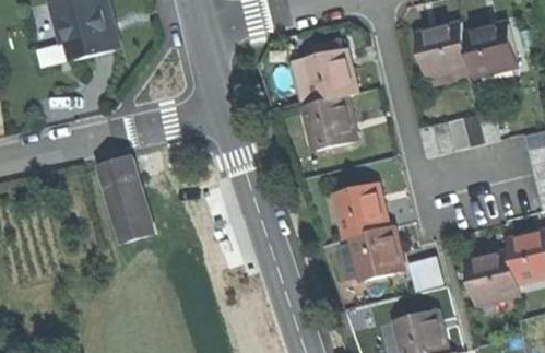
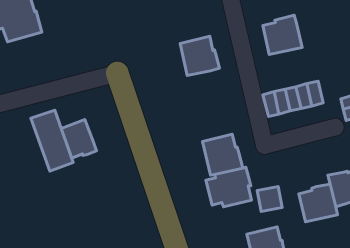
building: [459,25,514,75] -> none
building: [299,97,349,151] -> none
building: none -> [61,119,97,158]

